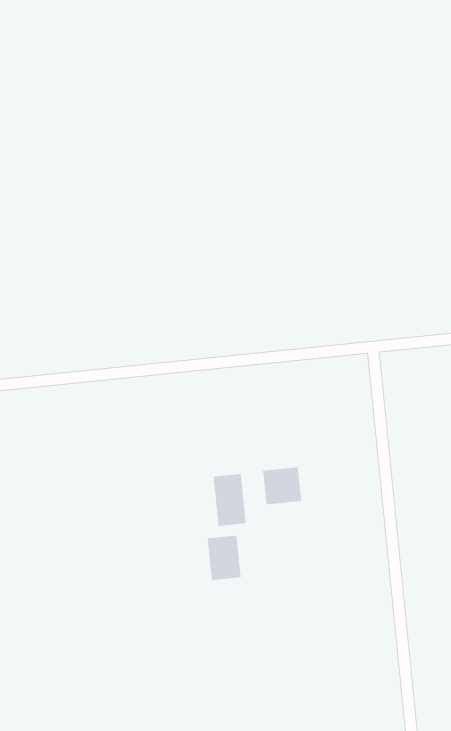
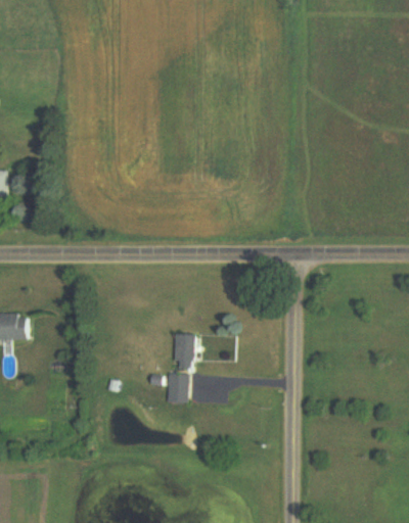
building: [263,467,302,505] -> none

